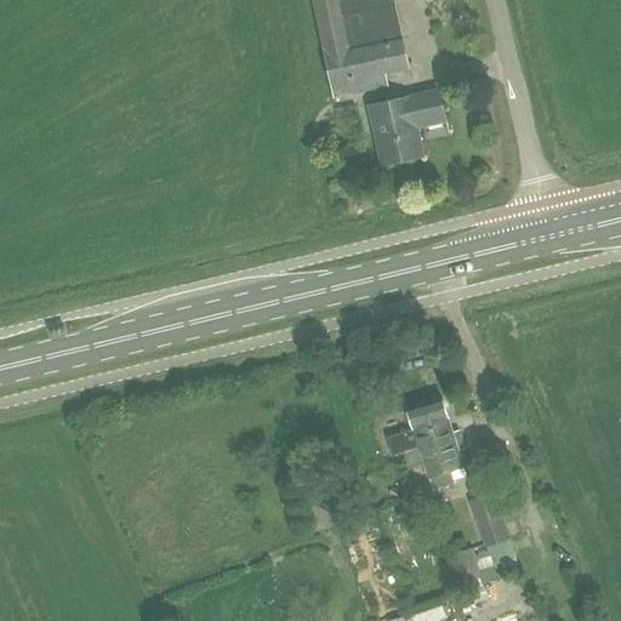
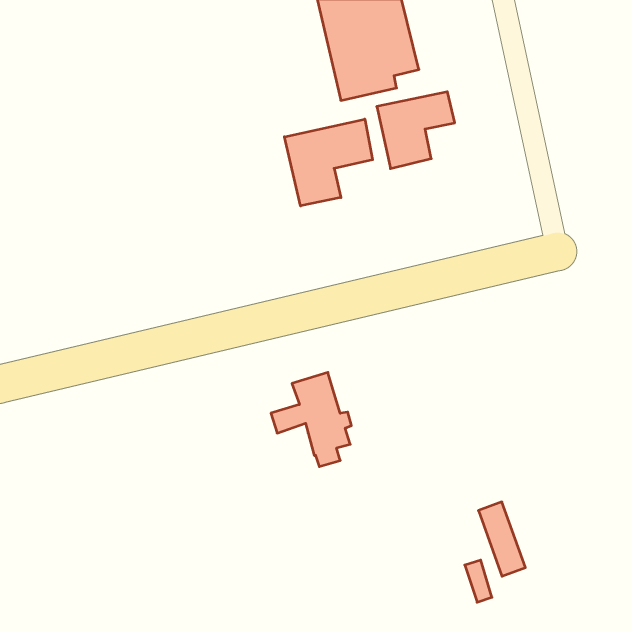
building: none -> [284,119,373,206]
building: [384,397,463,489] -> [271,372,351,467]

